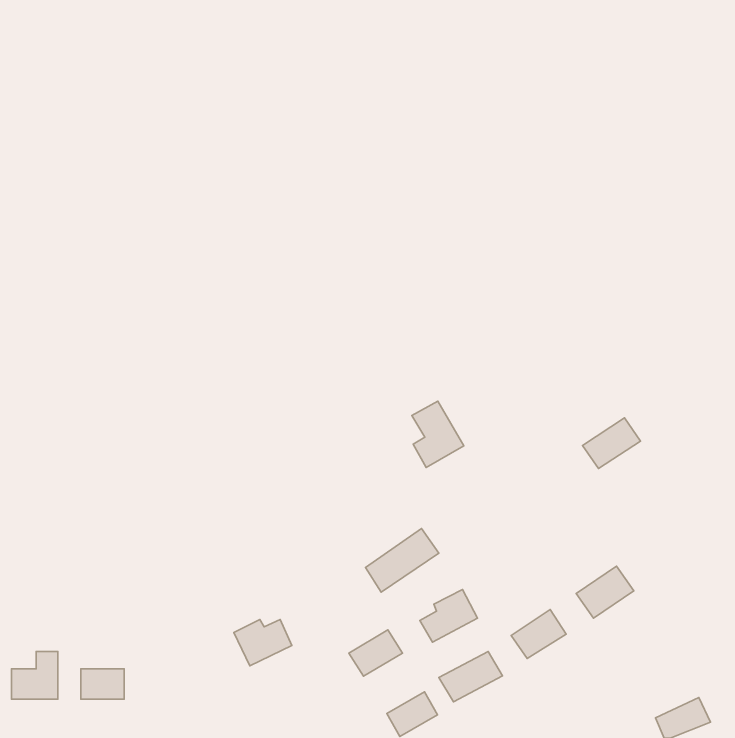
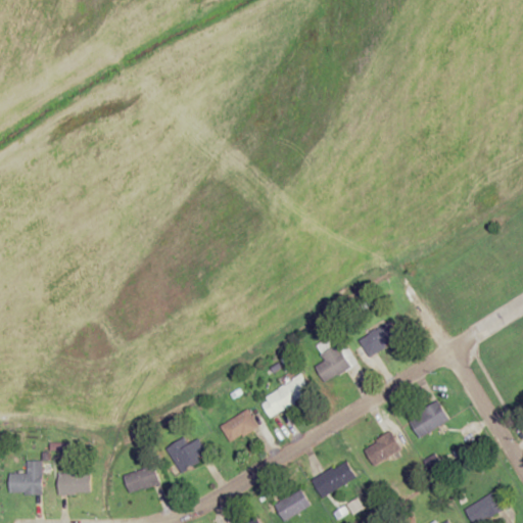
building: [412,401,464,467] -> [314,335,350,382]
building: [583,418,640,468] -> [358,321,398,356]
building: [420,590,478,642] -> none
building: [349,630,402,676] -> [219,410,256,442]
building: none -> [122,465,159,494]

